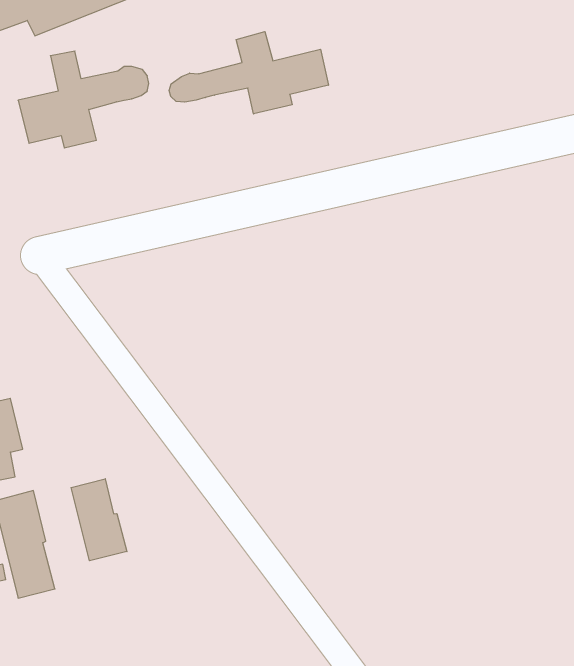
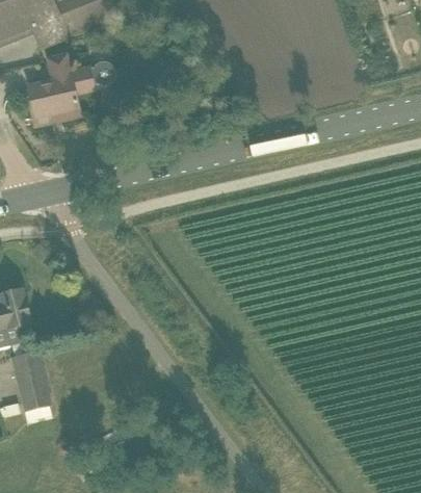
building: [169,32,328,114] -> none
building: [71,479,127,561] -> none

